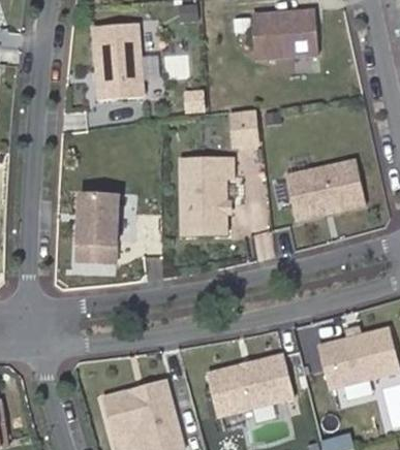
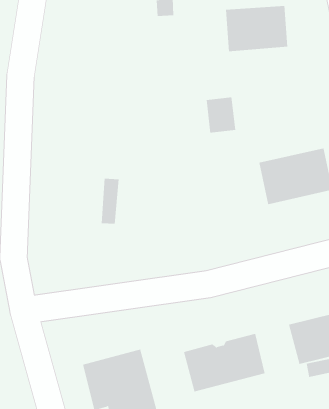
building: [92,21,143,98] -> none
building: [179,158,229,232] -> none
building: [75,192,118,261] -> none

